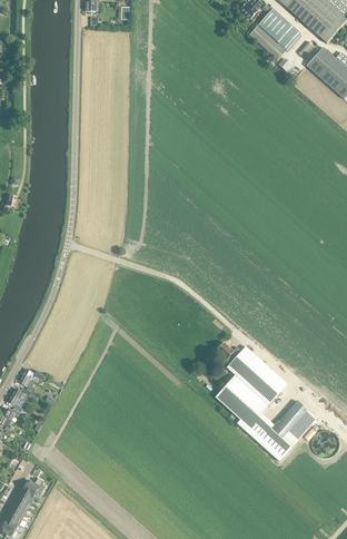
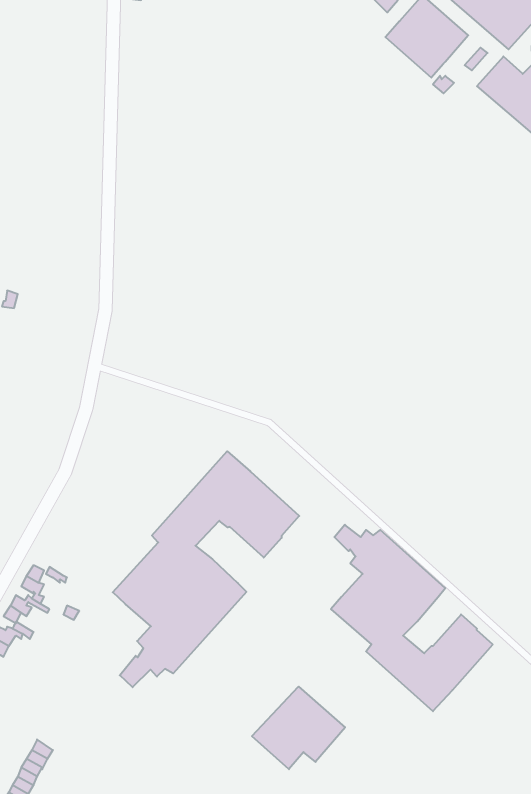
building: none -> [113,451,299,687]
building: none -> [252,687,345,769]

